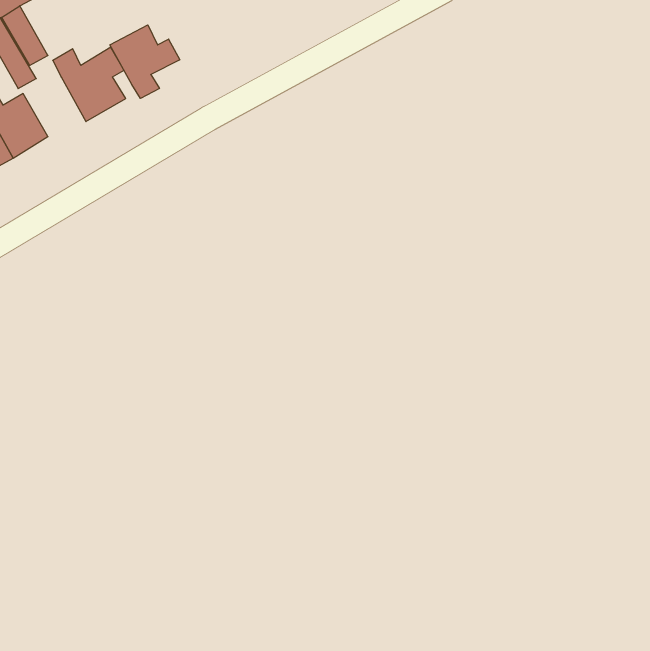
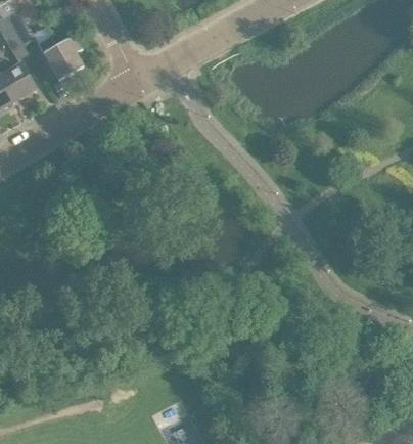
building: [110,25,180,98] -> none

